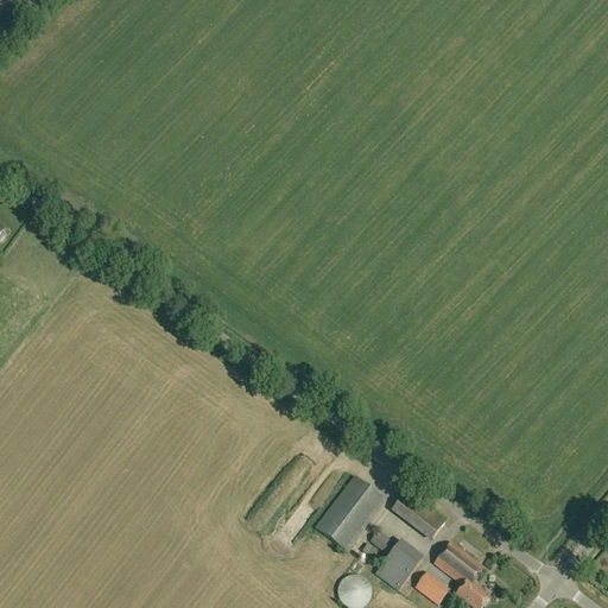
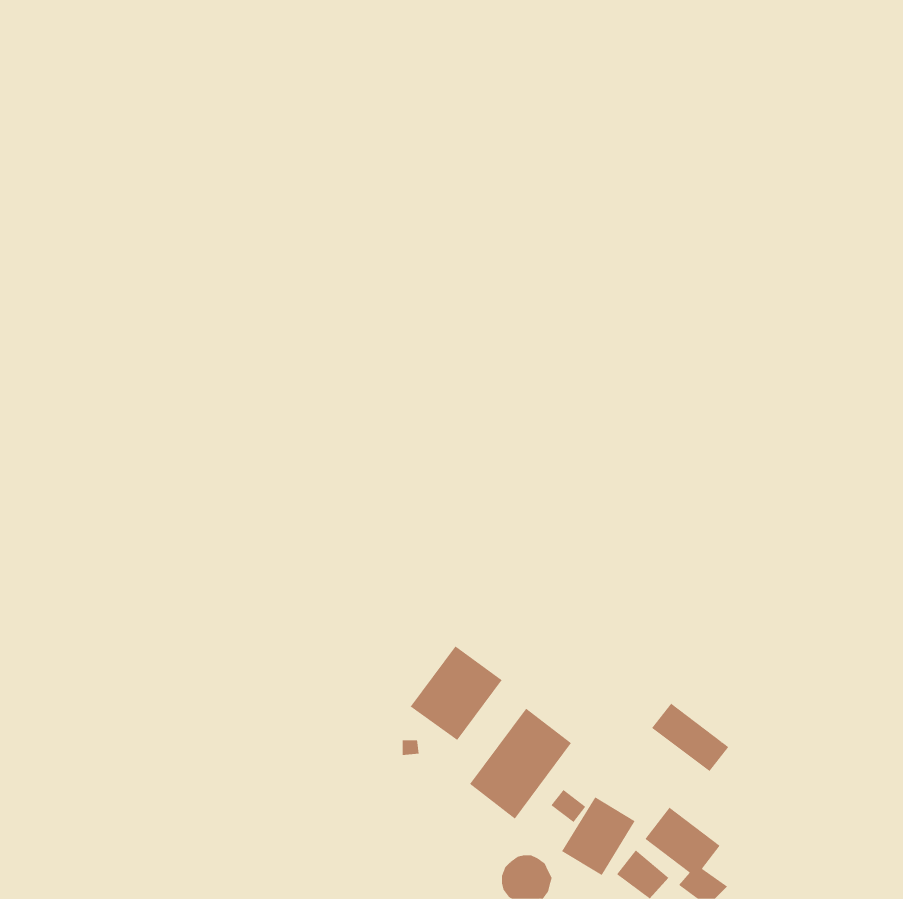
building: none -> [410,646,503,741]
building: [392,490,444,537] -> [651,703,729,772]

